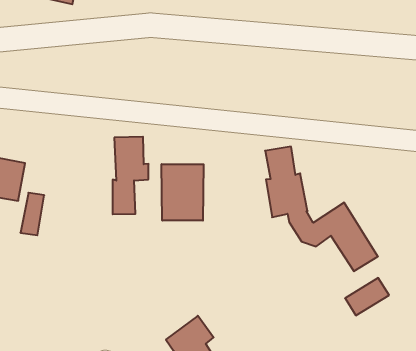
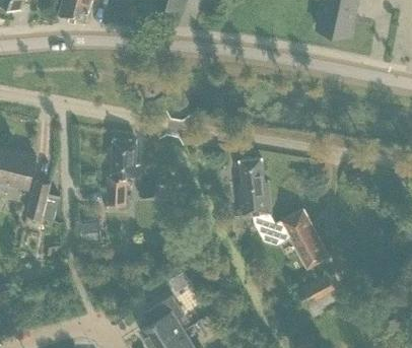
building: [162,164,204,221] -> none

